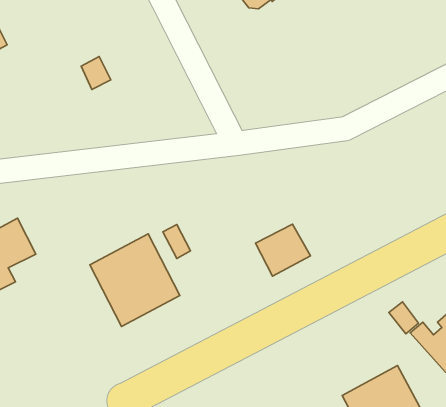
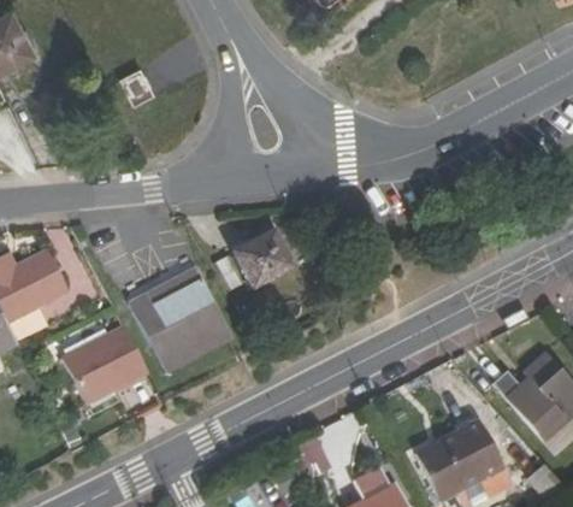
building: [255,224,311,276] -> [232,229,295,288]
building: none -> [57,329,142,406]

